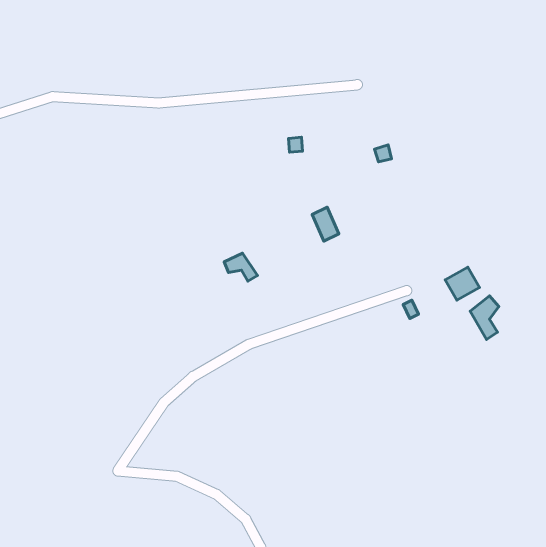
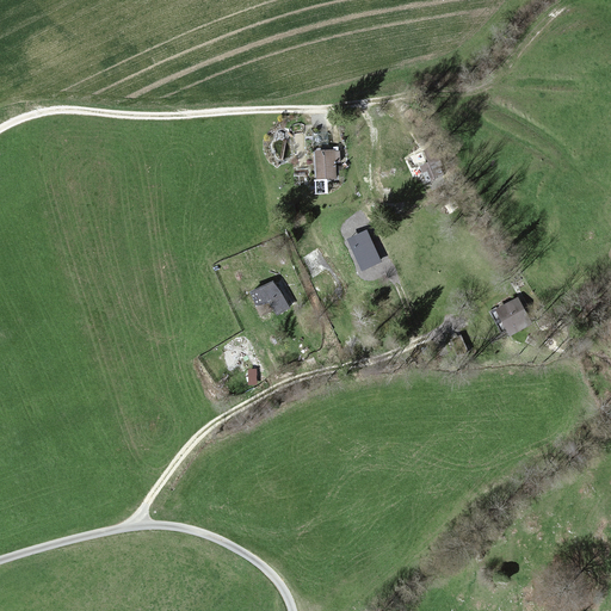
building: [470,296,499,340] -> none

